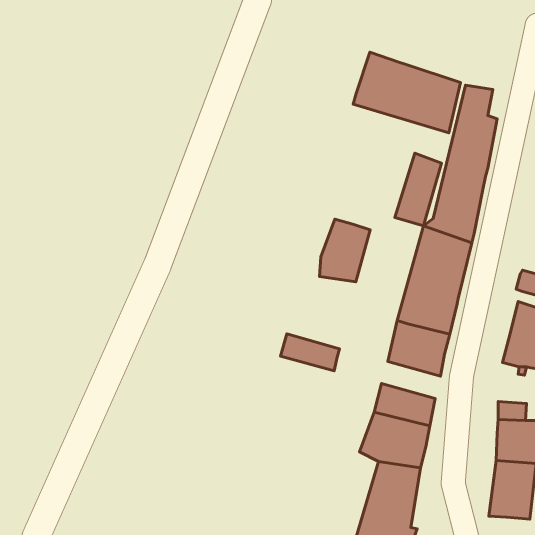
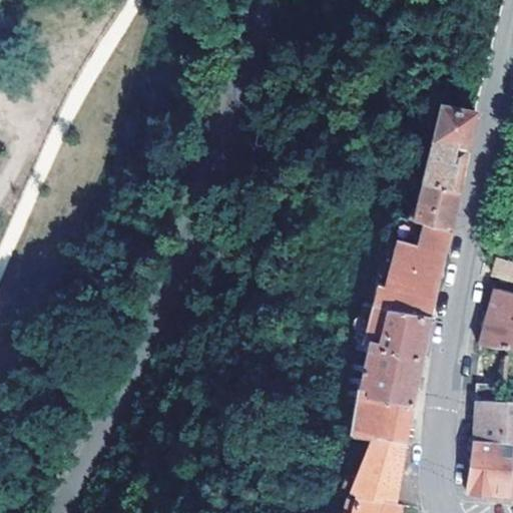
building: [353,52,460,133] -> none
building: [395,153,441,226] -> none
building: [320,219,370,282] -> none
building: [281,334,339,371] -> [366,347,422,382]

